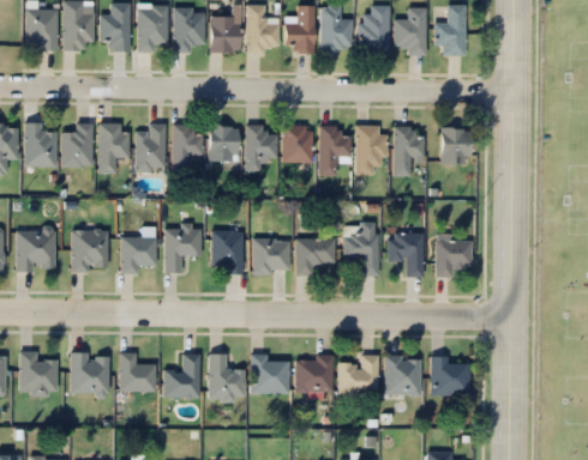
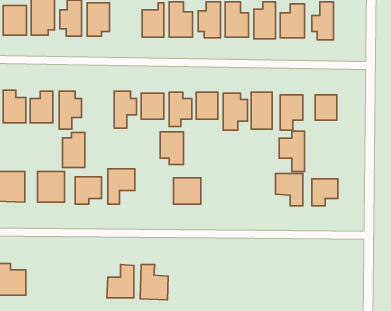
building: [173,7,203,52] -> none
building: [134,123,164,170] -> [62,132,85,168]
building: [344,222,378,276] -> [279,131,304,172]
building: [211,230,242,273] -> [160,132,184,164]
building: [295,238,335,273] -> none
building: [120,352,155,391] -> none
building: [71,355,108,394] -> none
building: [250,355,288,394] -> none
building: [295,355,331,392] -> none
building: [338,355,378,394] -> none
building: [384,356,420,394] -> none
building: [430,357,469,395] -> none

